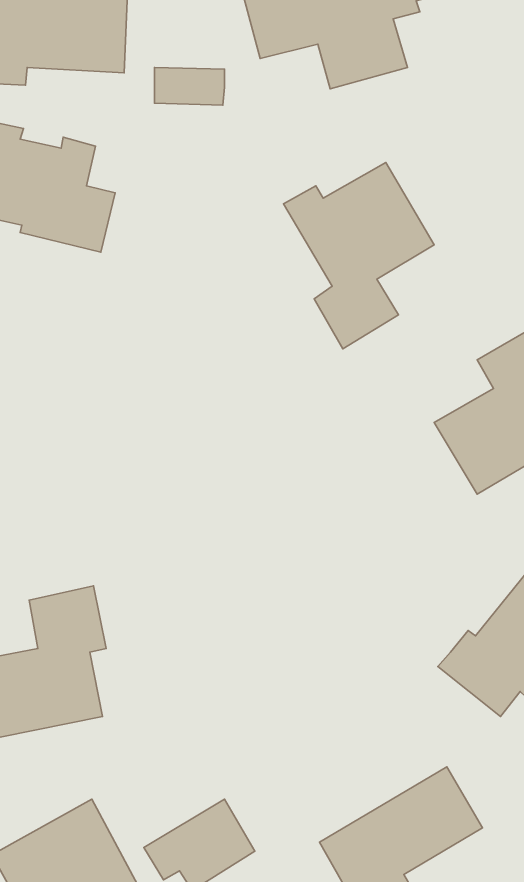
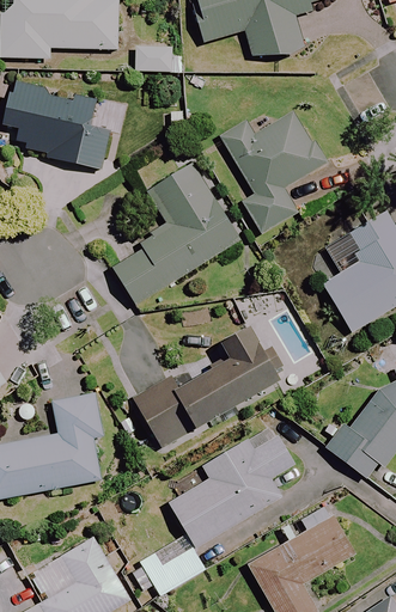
building: none -> [110,161,240,305]
building: none -> [132,329,280,451]
building: none -> [169,423,294,547]

